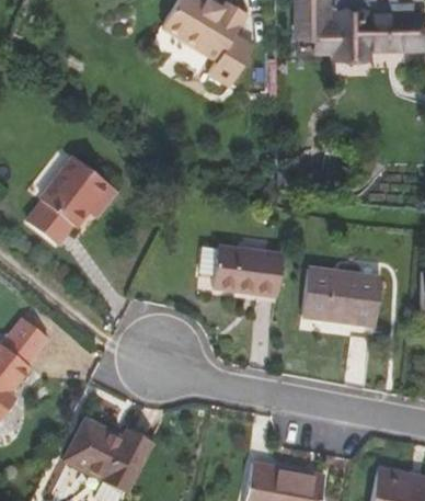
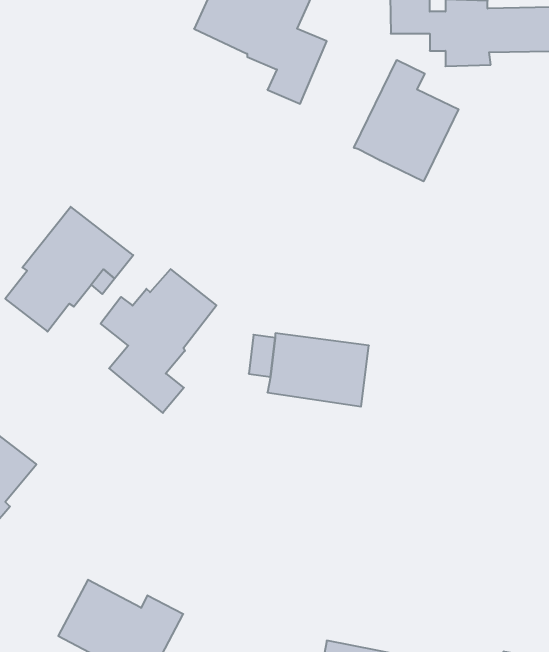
building: none -> [354,60,458,181]
building: none -> [101,269,216,413]
building: [301,267,380,326] -> none

